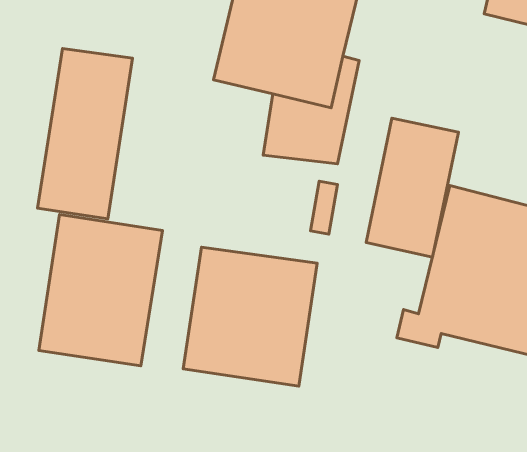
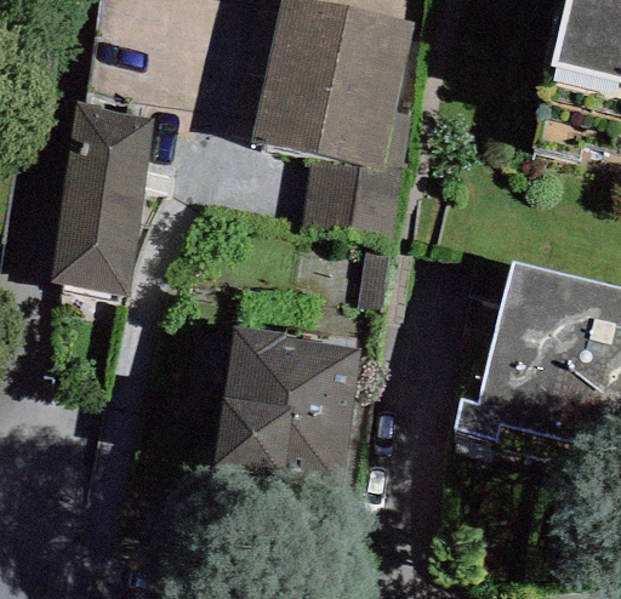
building: [366,118,458,257] -> none
building: [39,215,162,366] -> none

